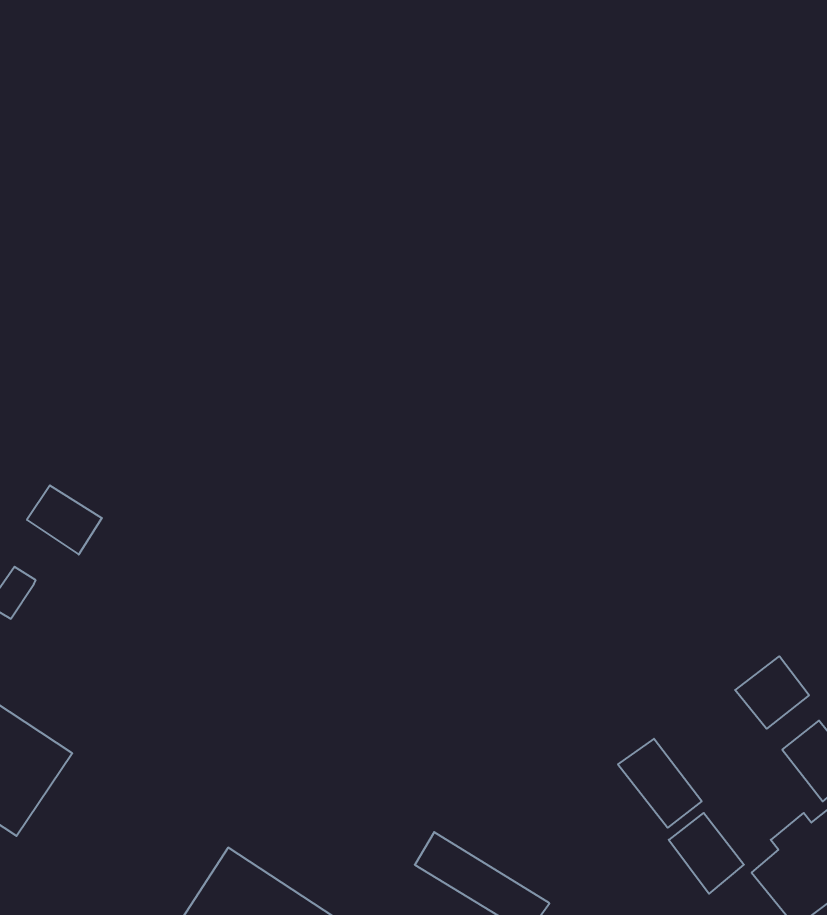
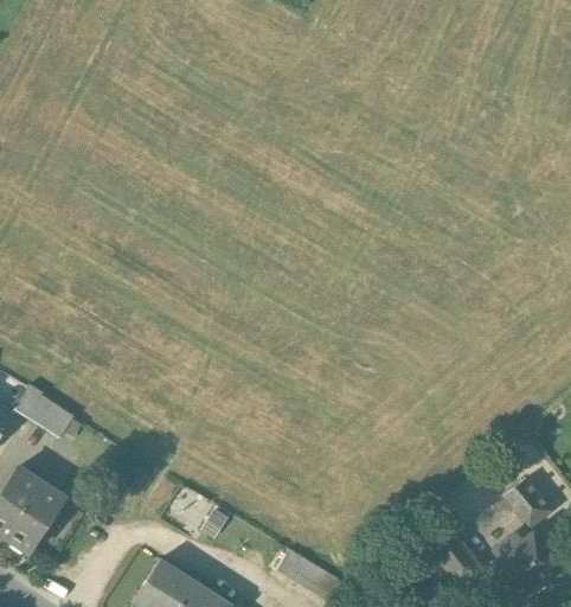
building: [27,485,102,555] -> [28,396,75,439]
building: [735,656,809,729] -> none
building: [618,739,702,828] -> none

